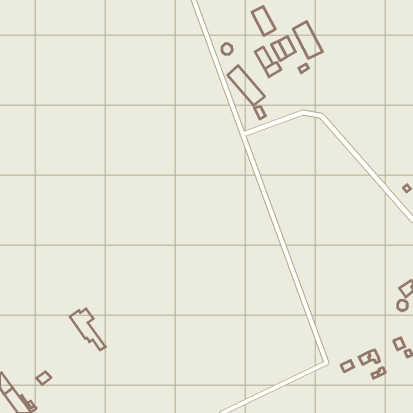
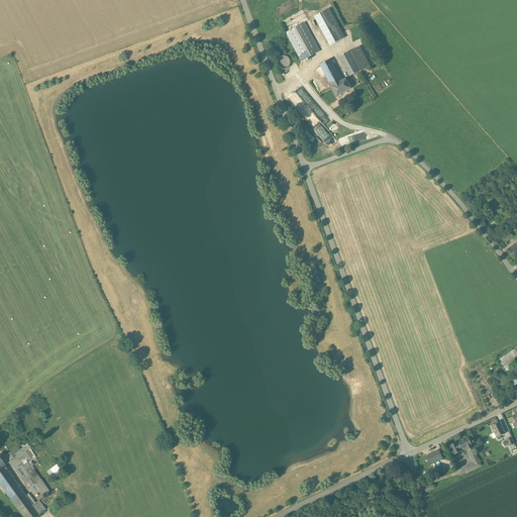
building: none -> [286,21,319,60]
building: [293,21,323,58] -> none
building: [70,309,106,350] -> [6,444,50,496]

